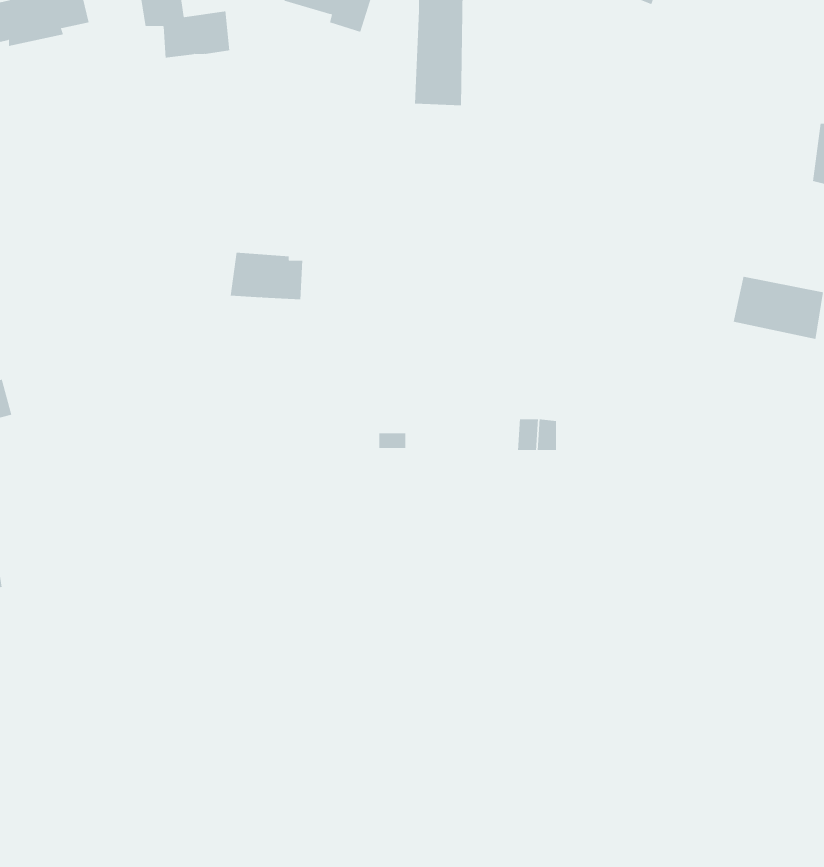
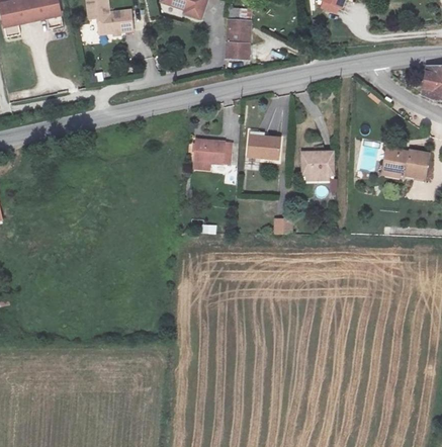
building: [230,252,303,300] -> [196,140,234,164]
building: none -> [249,135,283,160]
building: none -> [304,152,336,180]

